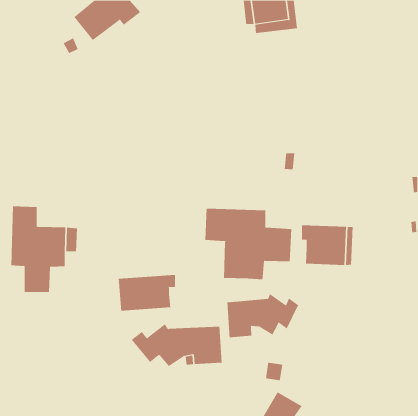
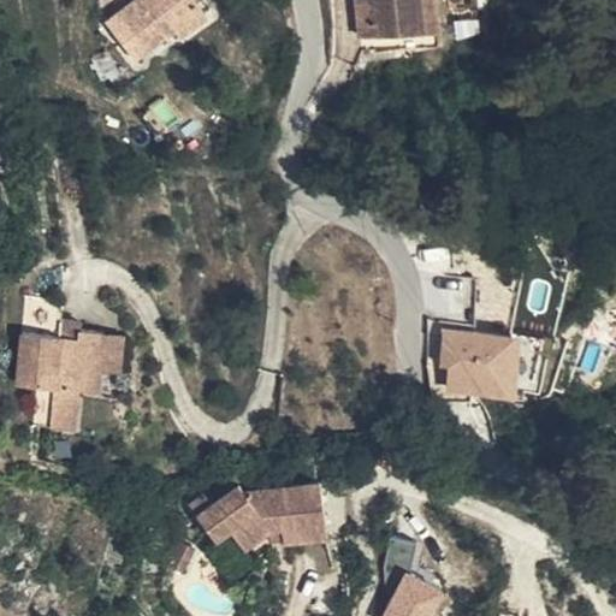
building: [205,208,292,280] -> none
building: [118,274,176,311] -> none
building: [227,293,299,338] -> none

